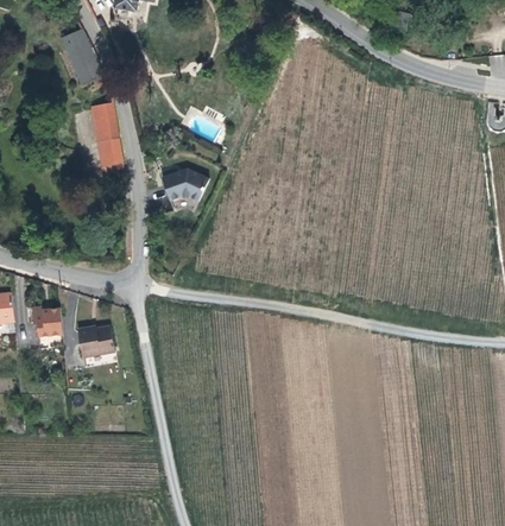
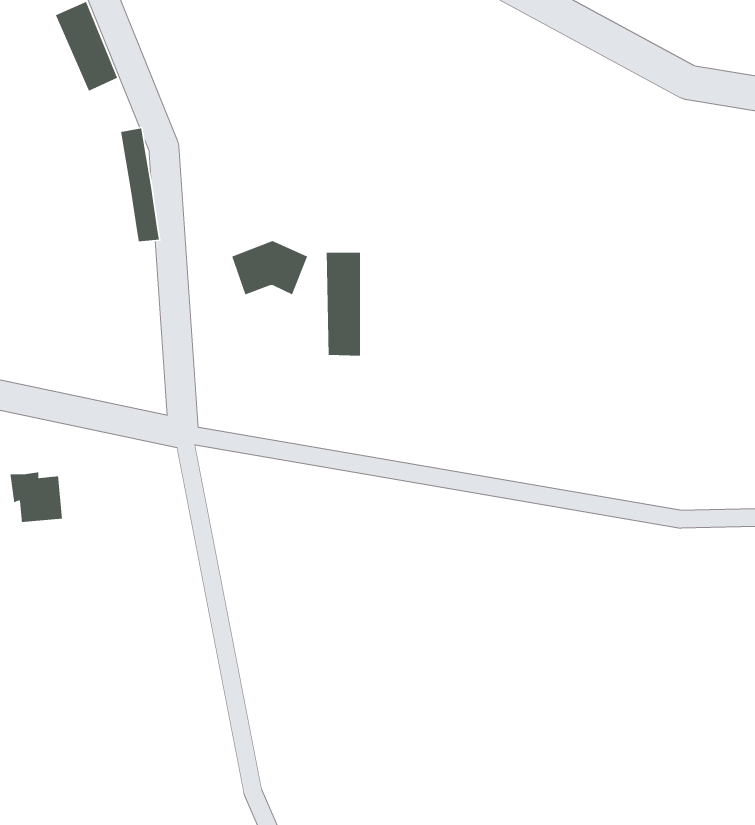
building: none -> [326,252,361,356]
building: [77,329,113,357] -> none

